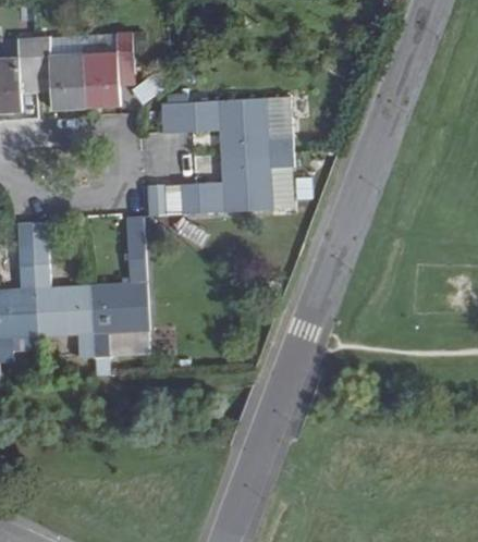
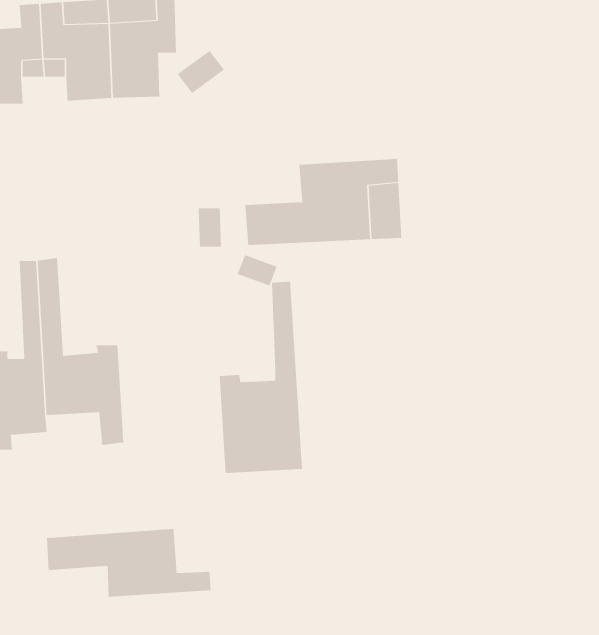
building: [162,96,292,155] -> none
building: [89,217,150,356] -> [219,281,303,474]
building: none -> [46,528,211,597]

